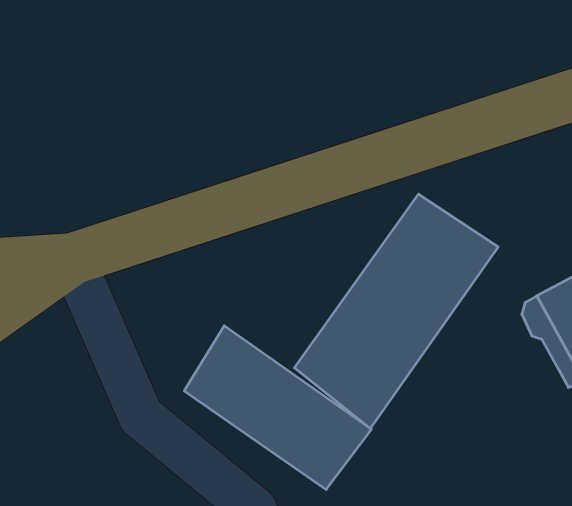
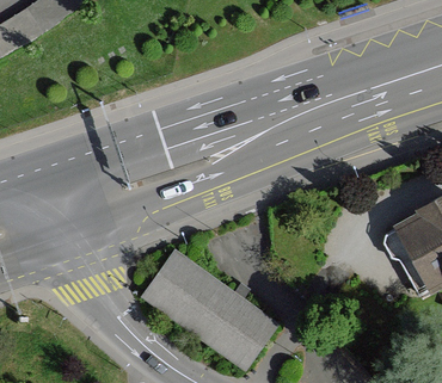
building: [294,194,498,429] -> none

